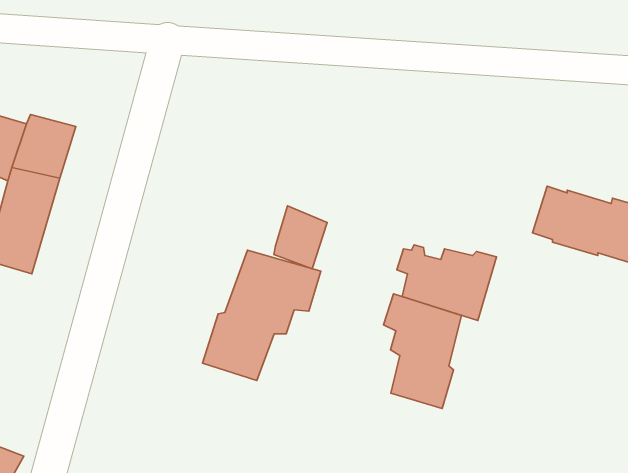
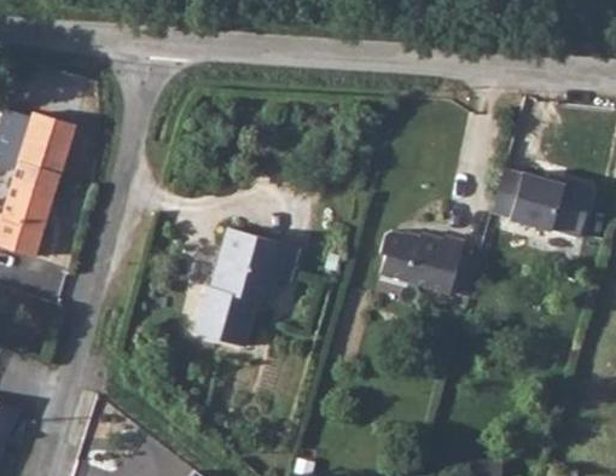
building: [274,206,327,269] -> none
building: [384,294,461,409] -> none

